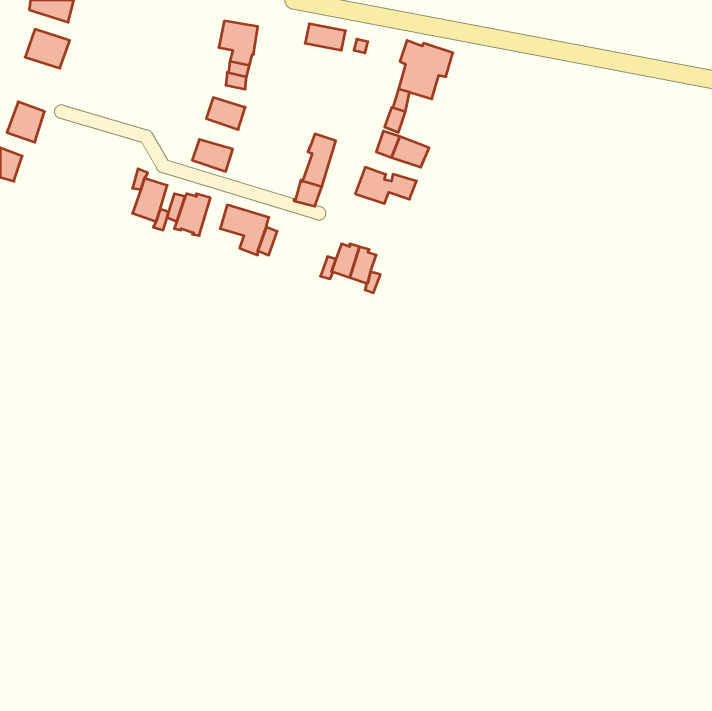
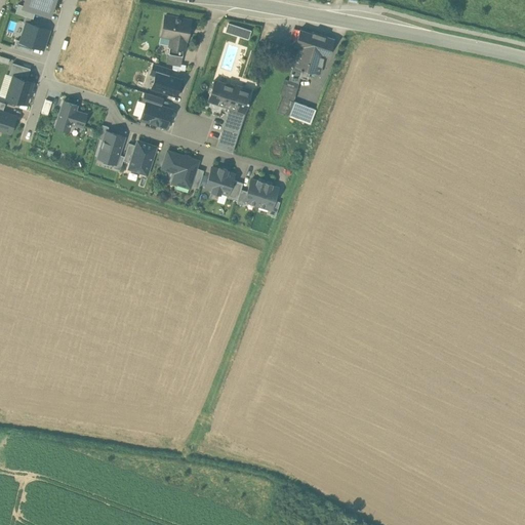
building: none -> [55,102,86,131]
building: [355,167,417,203] -> [207,81,252,108]
building: none -> [204,166,236,196]

